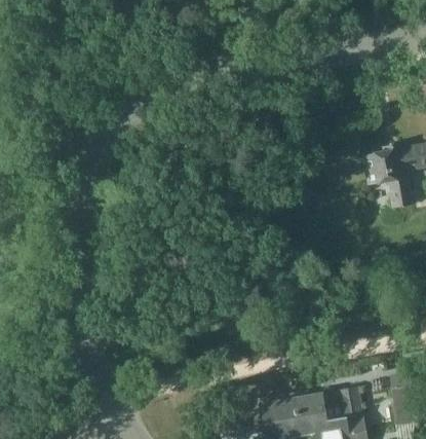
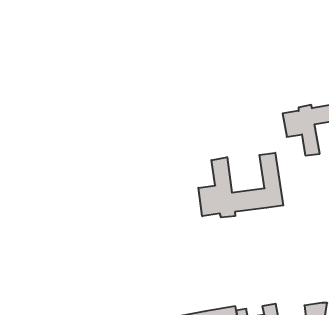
building: none -> [198,153,283,217]

